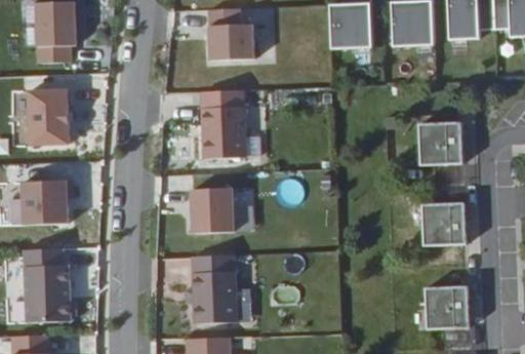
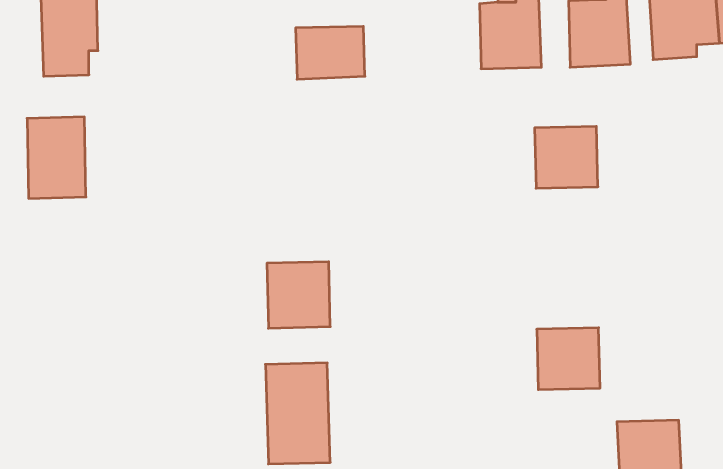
building: [203,104,247,156] -> none
building: [425,129,468,171] -> [535,126,598,188]
building: [19,178,70,222] -> none
building: [427,209,470,251] -> [537,328,600,390]
building: [21,246,71,318] -> none

